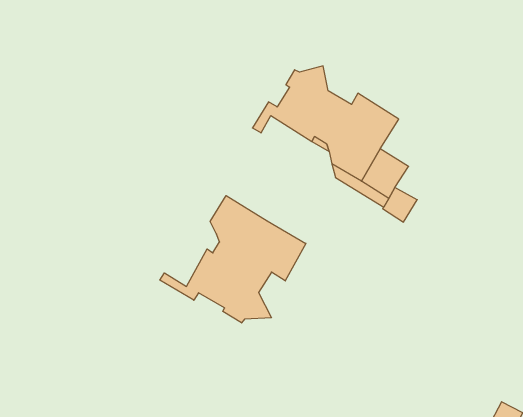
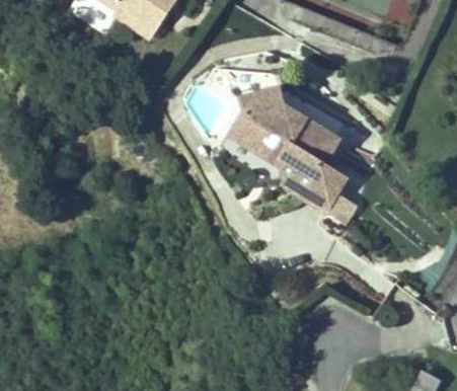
building: [160,196,306,323] -> none

